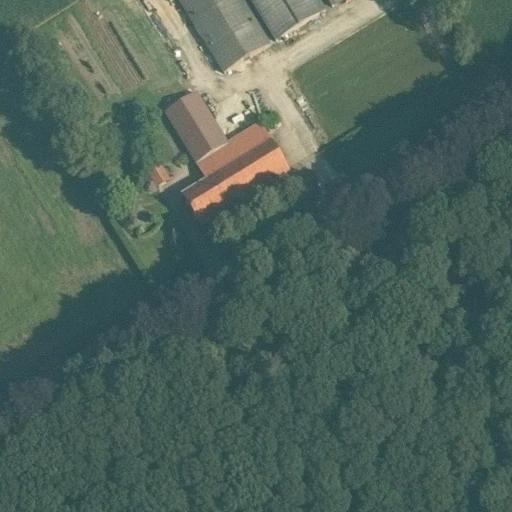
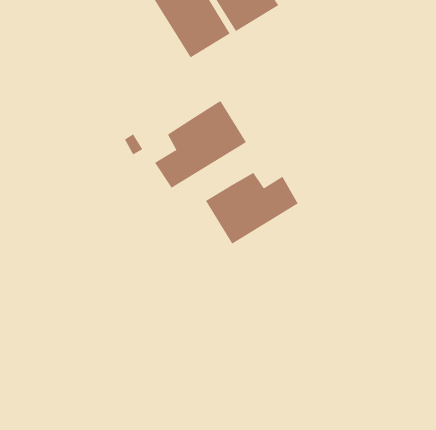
building: [163,87,226,157] -> none
building: none -> [205,172,298,245]

